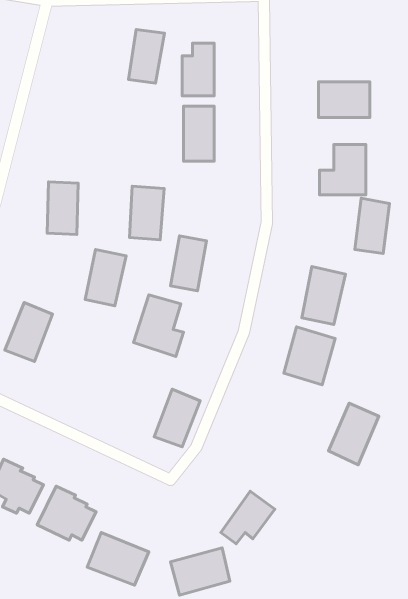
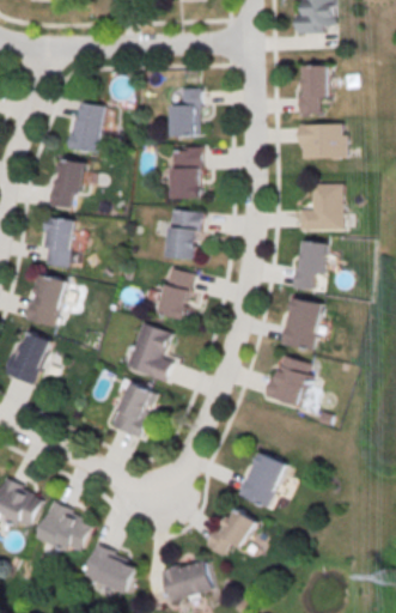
building: none -> [298,66,327,114]
building: [128,29,164,83] -> [72,102,105,152]
building: none -> [49,158,85,208]
building: [129,186,164,240] -> [167,210,200,260]
building: [355,198,390,253] -> [293,239,325,291]
building: [85,249,126,306] -> [26,274,65,327]
building: [154,389,200,447] -> [111,382,154,436]
building: [329,403,379,465] -> [239,451,286,509]

